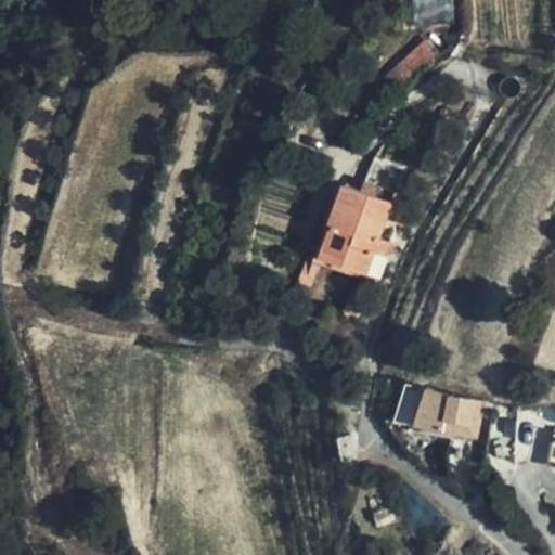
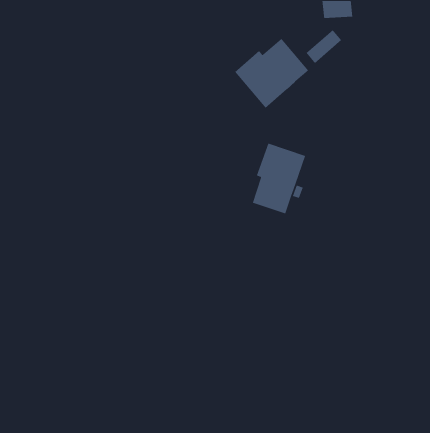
building: none -> [234,38,309,109]
building: [412,390,477,431] -> none

